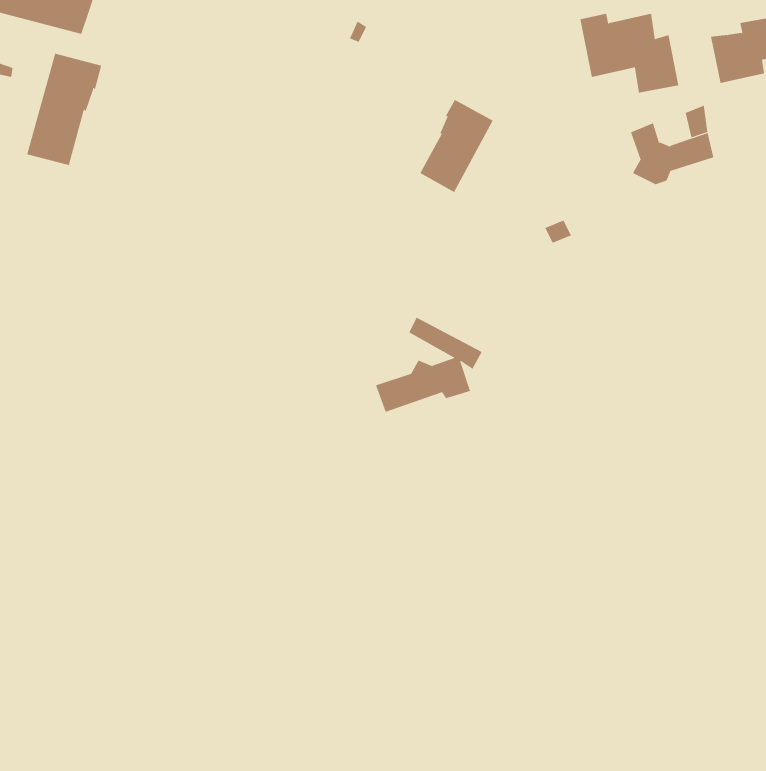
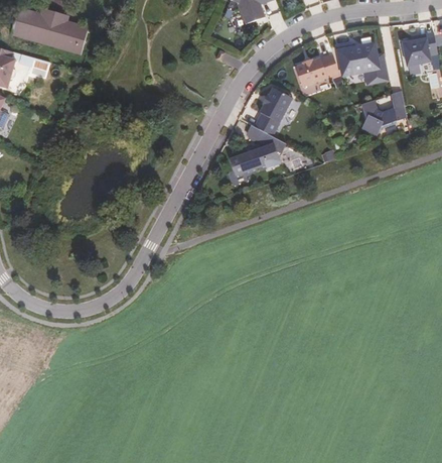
building: none -> [296,54,338,87]
building: [27,53,102,166] -> none
building: [375,317,483,412] -> [231,125,286,175]

